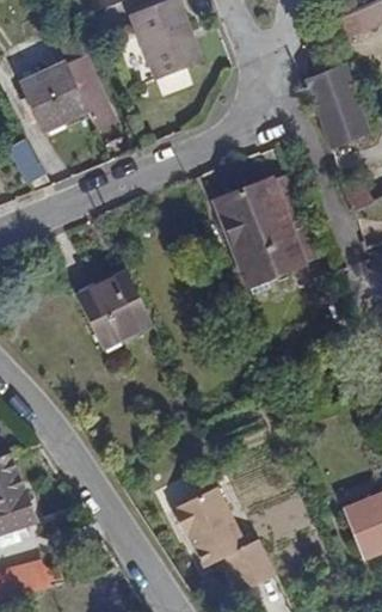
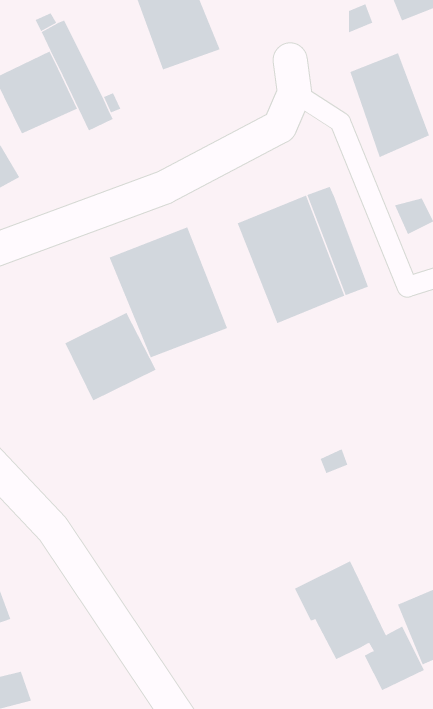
building: none -> [109,227,228,358]
building: [171,483,276,588] -> [294,560,425,691]

